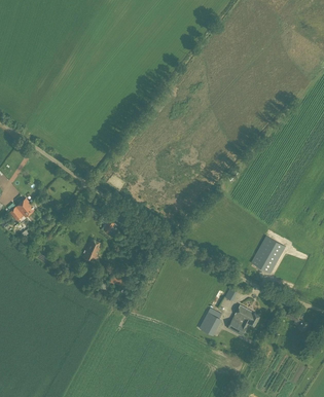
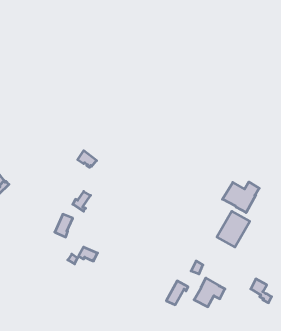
building: none -> [222,182,259,213]

